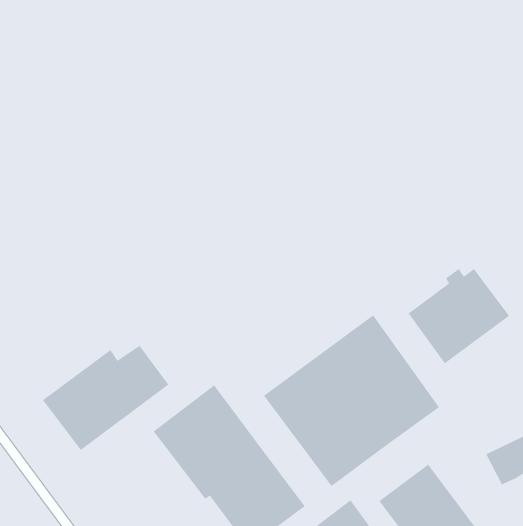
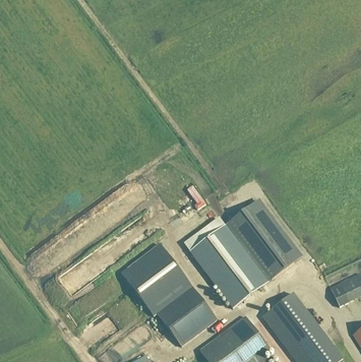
building: [408,268,510,364] -> none
building: [42,345,169,451] -> none

